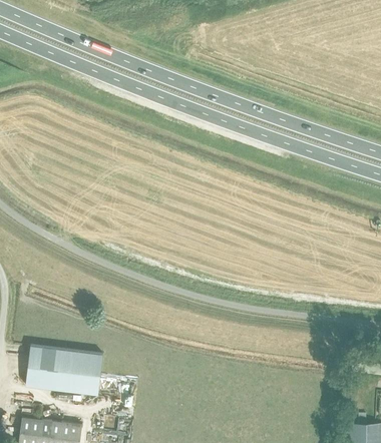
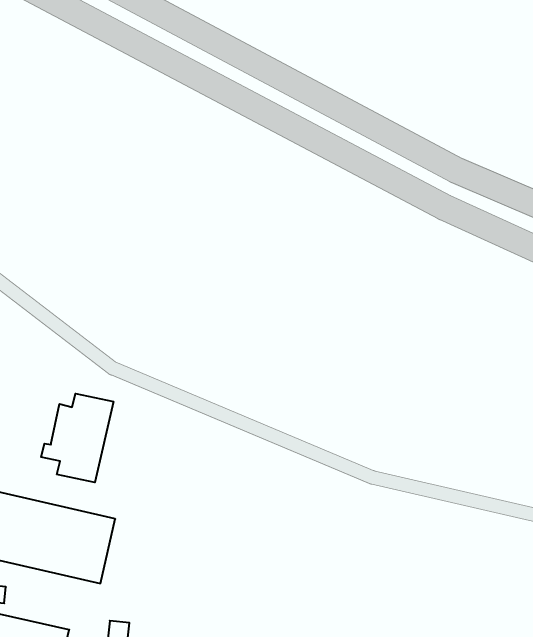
building: none -> [41,394,113,482]

